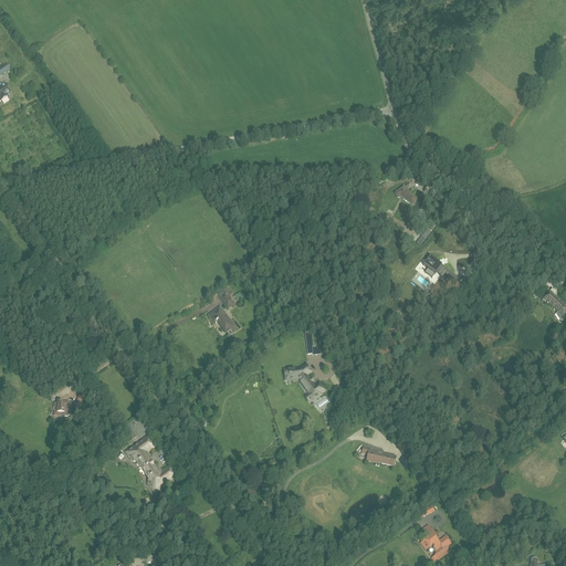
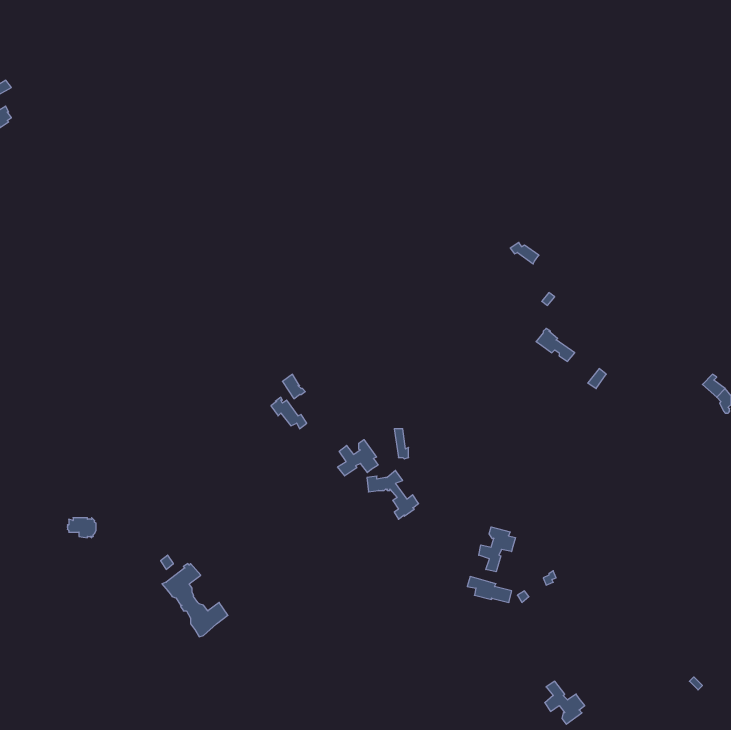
building: none -> [338,440,378,476]
building: none -> [479,527,515,572]

